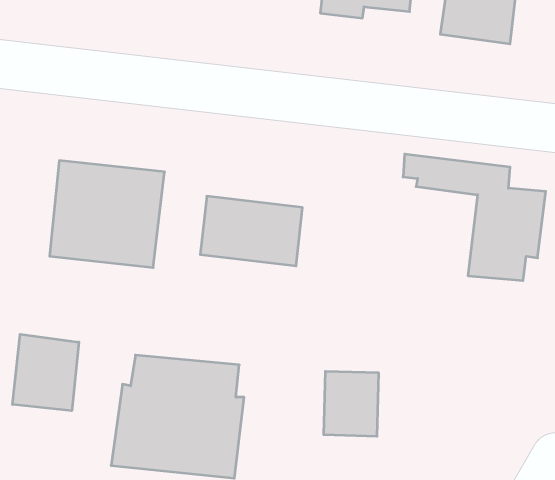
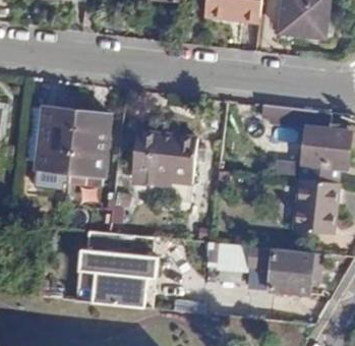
building: none -> [289,180,332,234]
building: [13,334,79,411] -> none
building: none -> [249,252,314,301]

